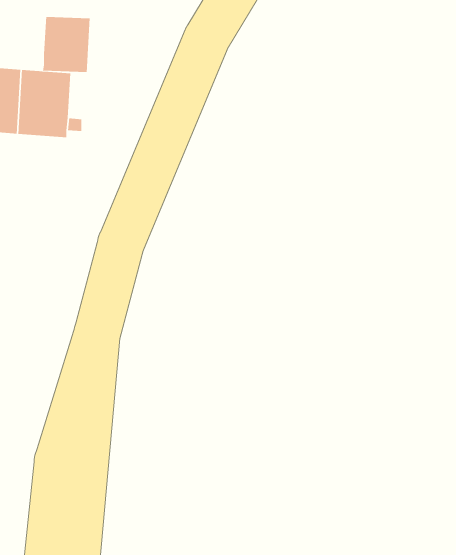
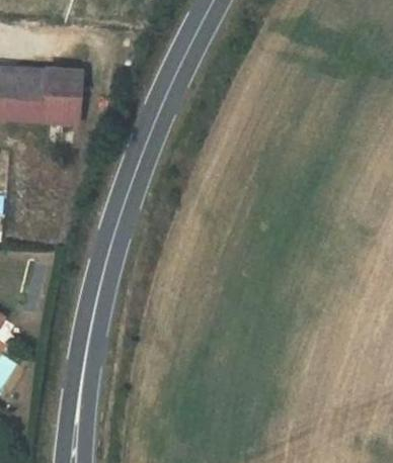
building: [43,16,90,73] -> none

